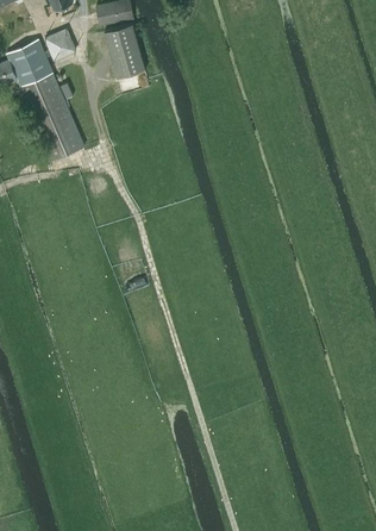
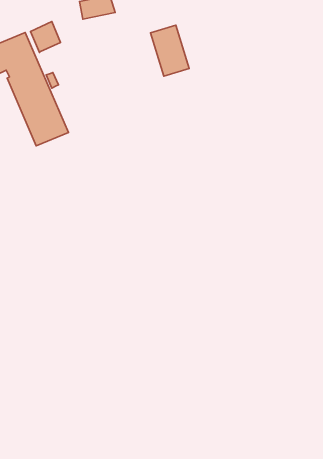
building: [104,24,145,79] -> [150,25,189,76]

